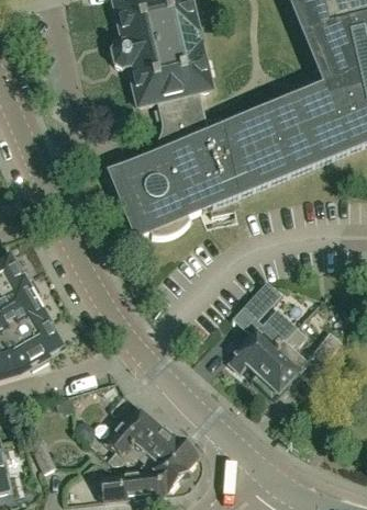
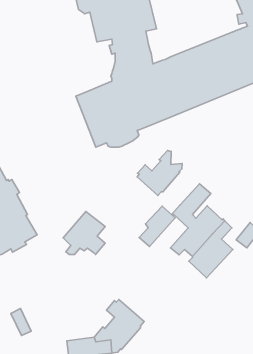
building: none -> [137,151,182,196]
building: none -> [139,206,175,246]
building: [107,408,159,462] -> [63,211,105,254]

